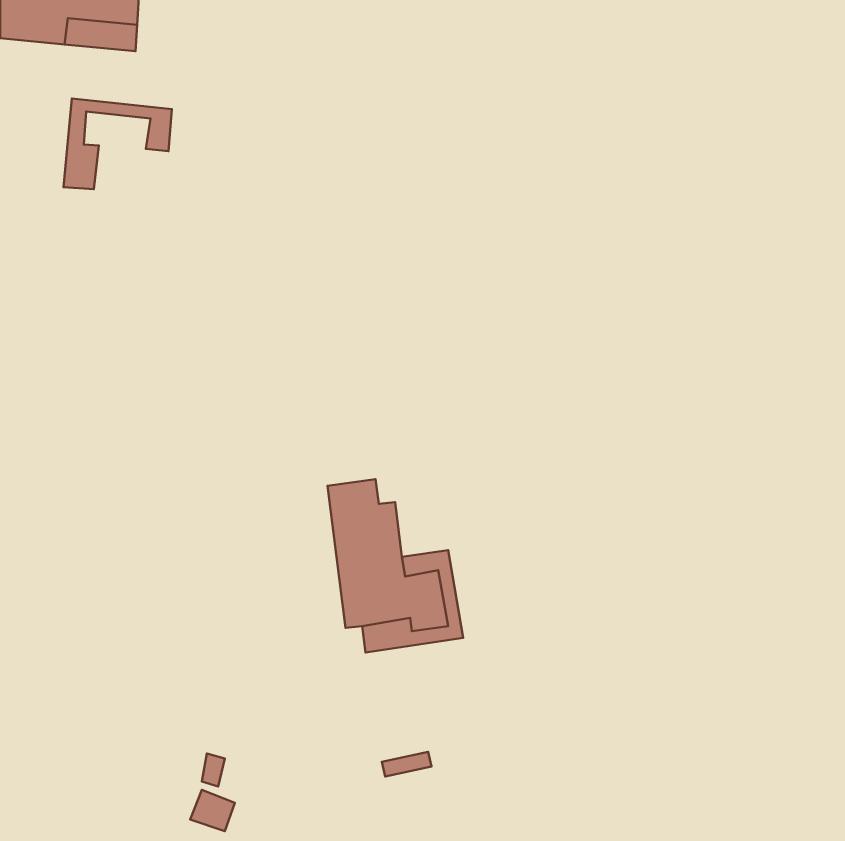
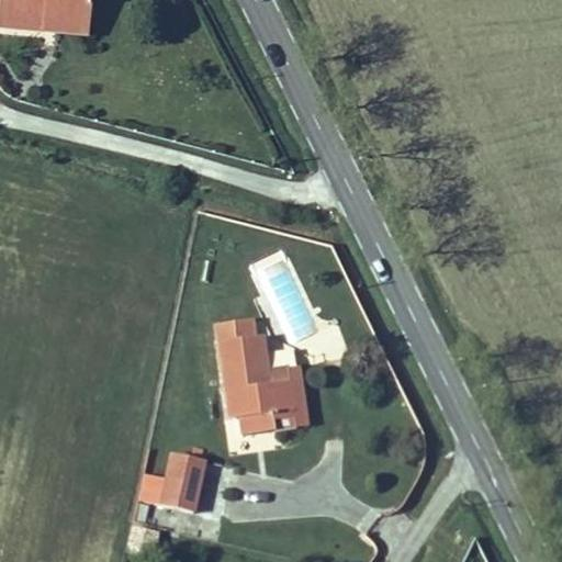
building: [64,98,172,189] -> none
building: none -> [162,452,204,510]

